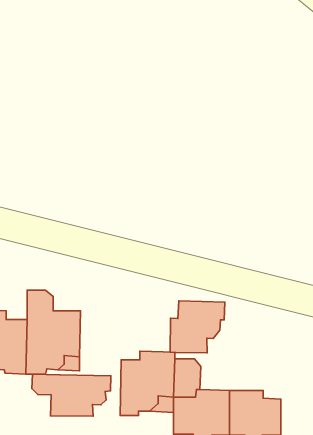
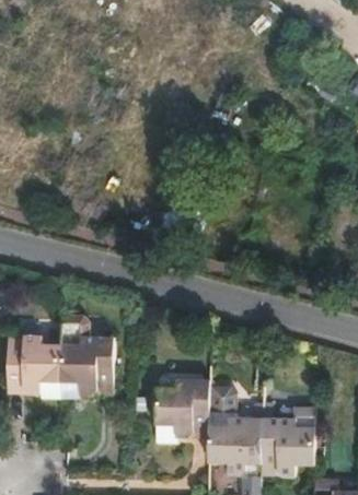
building: [170,301,225,353] -> none
building: [32,374,111,416] -> none

